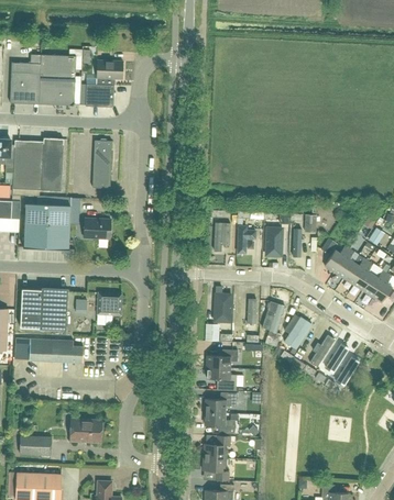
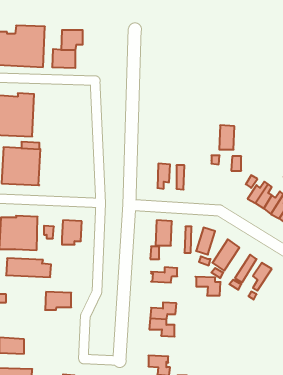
building: [92,140,112,188] -> none
building: [84,218,110,238] -> none
building: [264,227,283,257] -> [219,125,234,150]
building: [206,367,237,390] -> [195,277,221,296]
building: [69,419,101,441] -> [45,292,71,310]
building: [203,435,230,458] -> none

